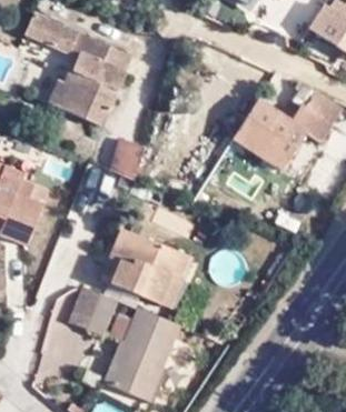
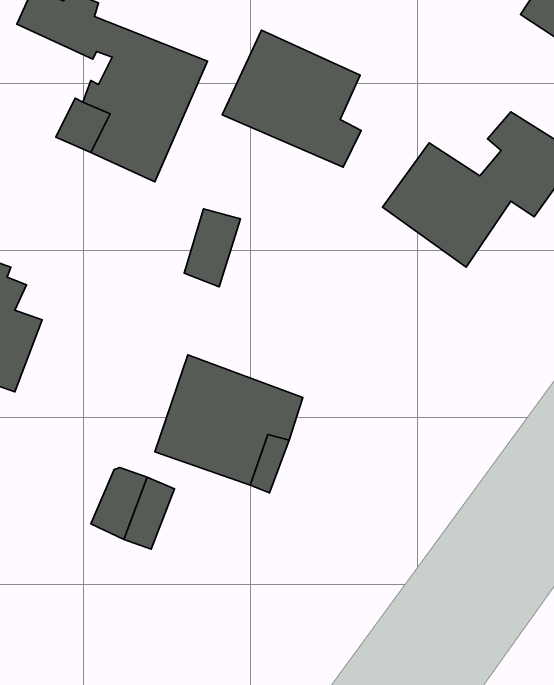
building: none -> [222,30,361,167]
building: [105,305,175,396] -> none

